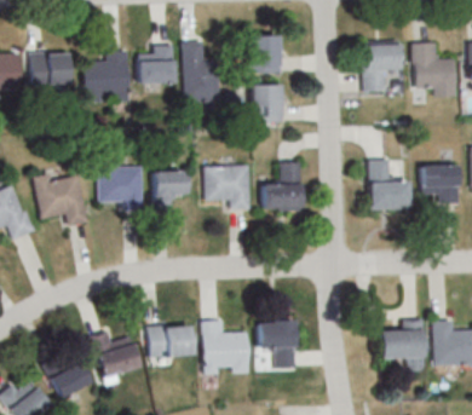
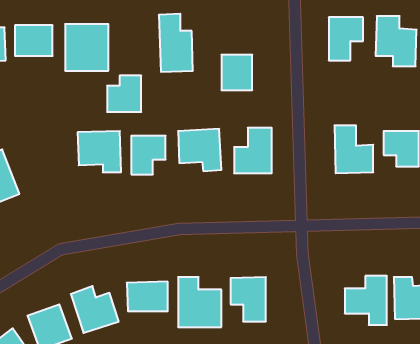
building: [249,36,280,74] -> none
building: [137,46,173,85] -> [107,76,141,112]
building: [31,174,87,224] -> none

